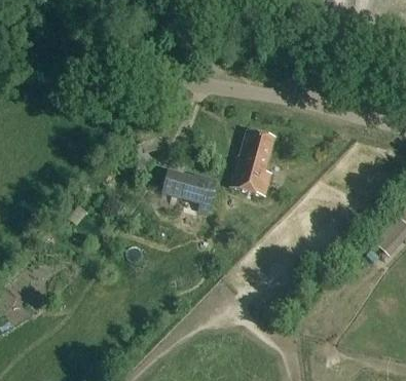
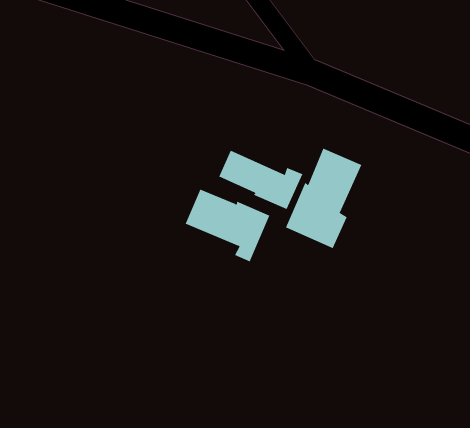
building: none -> [218,150,303,210]

